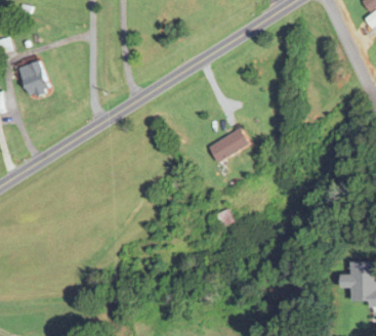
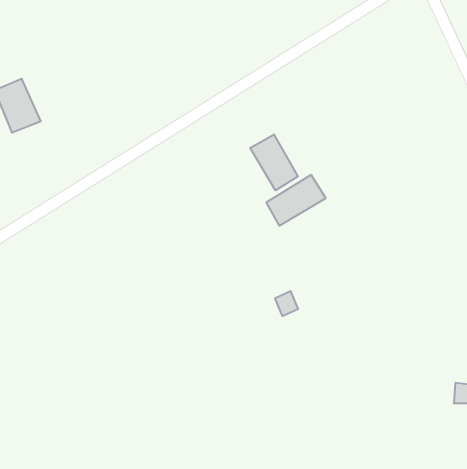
building: none -> [250,134,298,190]

